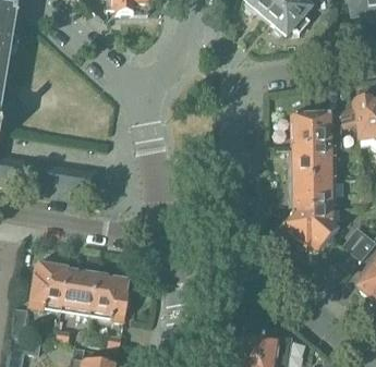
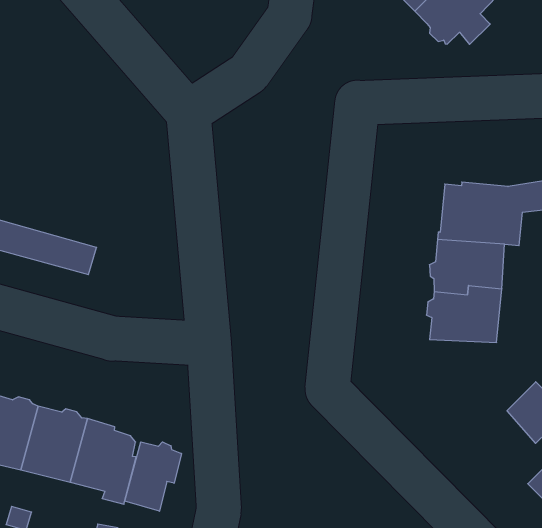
building: [283,205,339,247] -> none
building: none -> [125,442,181,511]

